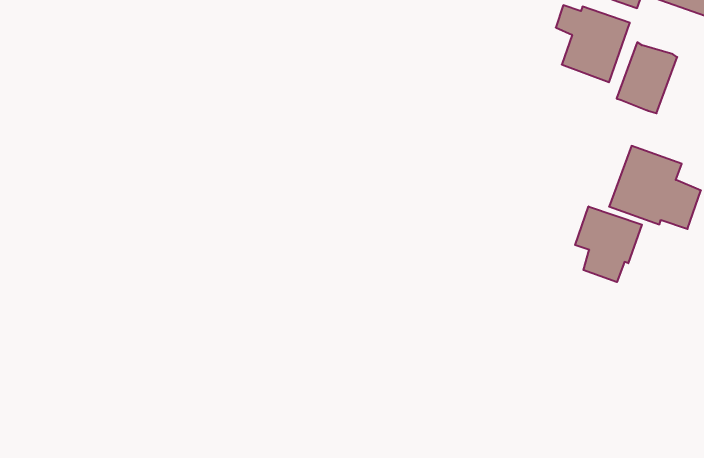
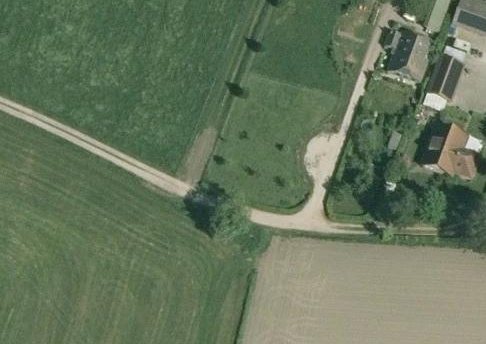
building: [575,206,642,282] -> none

